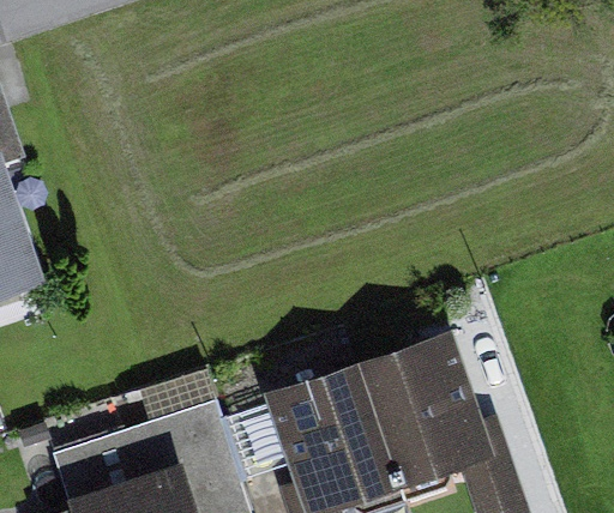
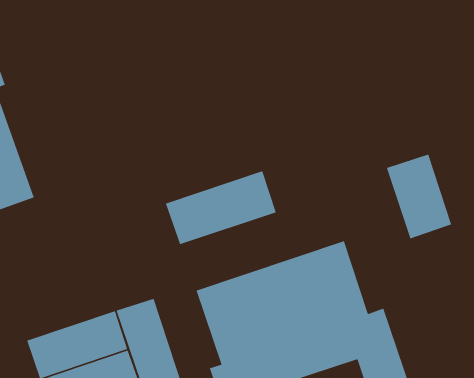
building: none -> [386,153,452,240]
building: none -> [165,170,277,245]

